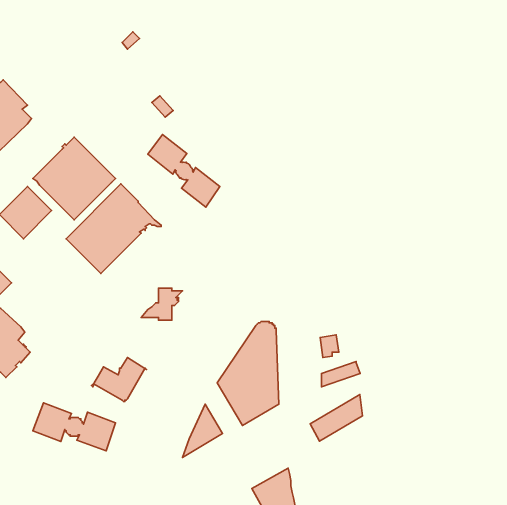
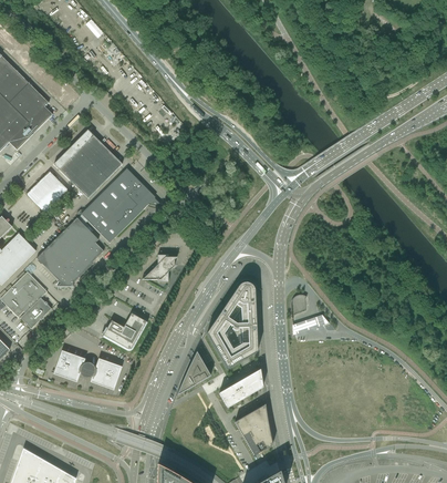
building: [148,135,220,207] -> none
building: none -> [37,217,103,287]
building: [310,394,362,441] -> [219,369,262,408]

